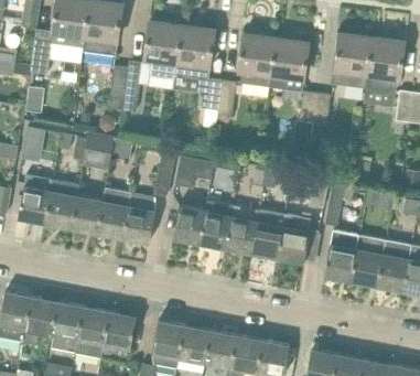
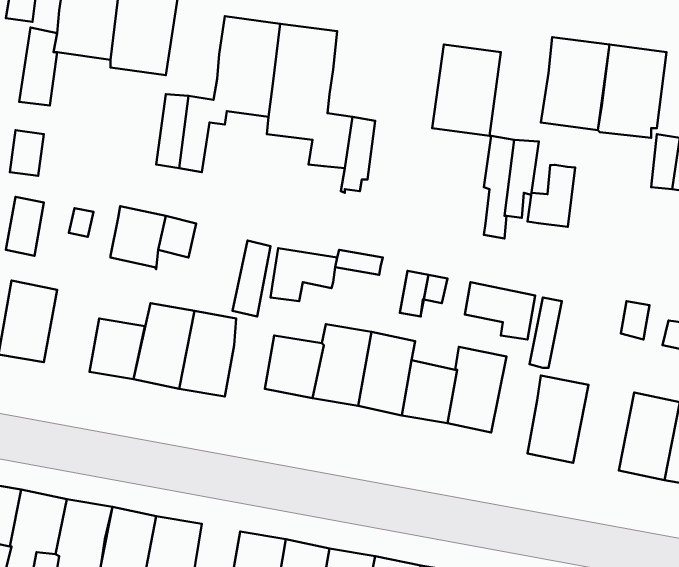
building: [238,34,276,87] -> none
building: none -> [527,165,575,227]
building: [44,181,78,228] -> none
building: [351,236,386,286] -> none

